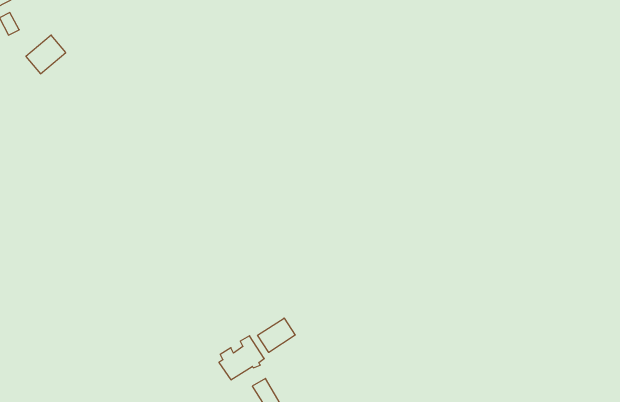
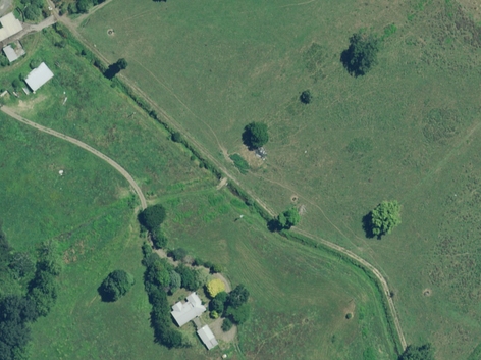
building: [258,318,295,352] -> none

